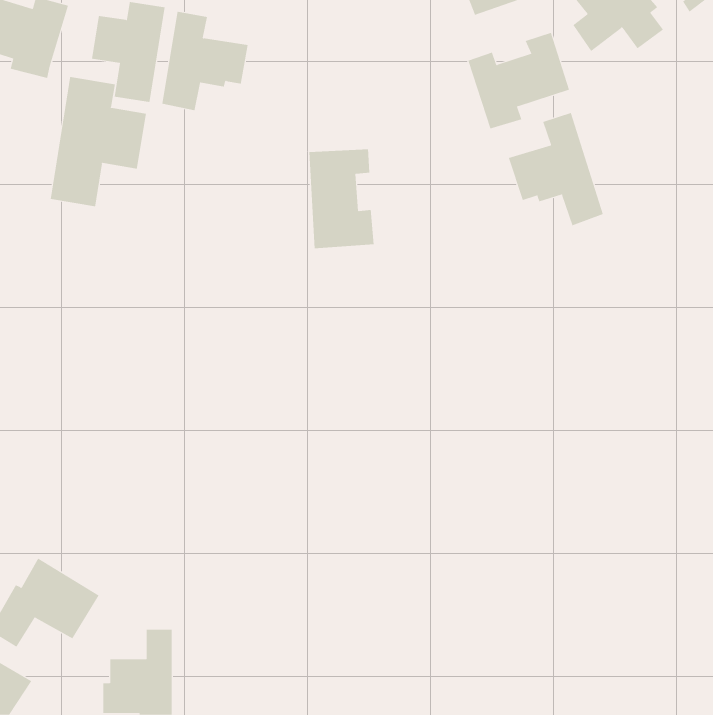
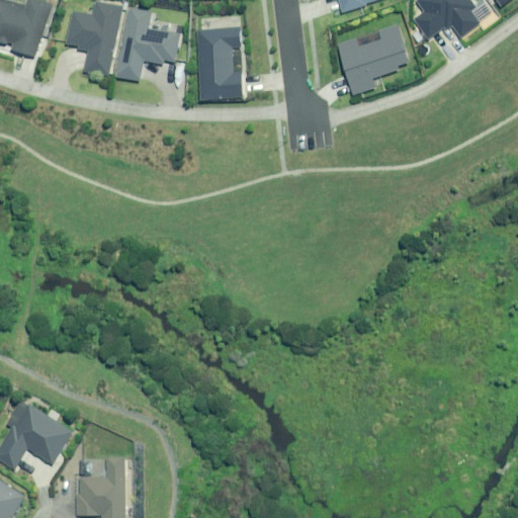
building: [50,76,146,207] -> none
building: [508,112,604,226] -> none
building: [308,149,374,249] -> [197,27,245,99]

